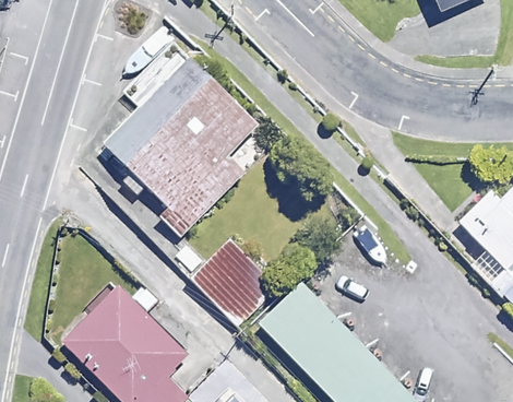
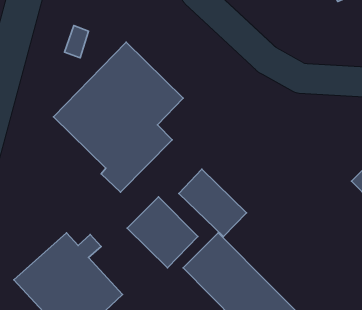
building: none -> [179,169,247,236]

